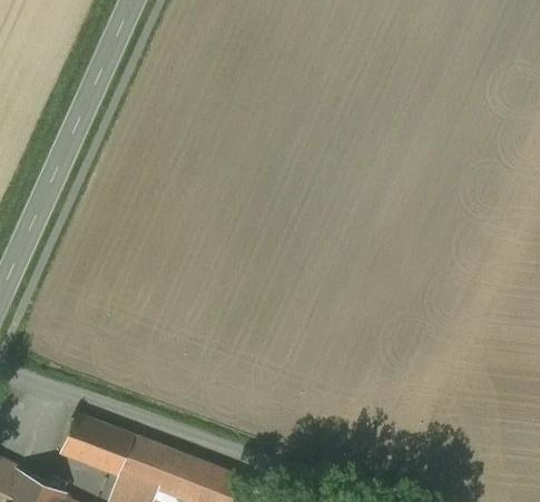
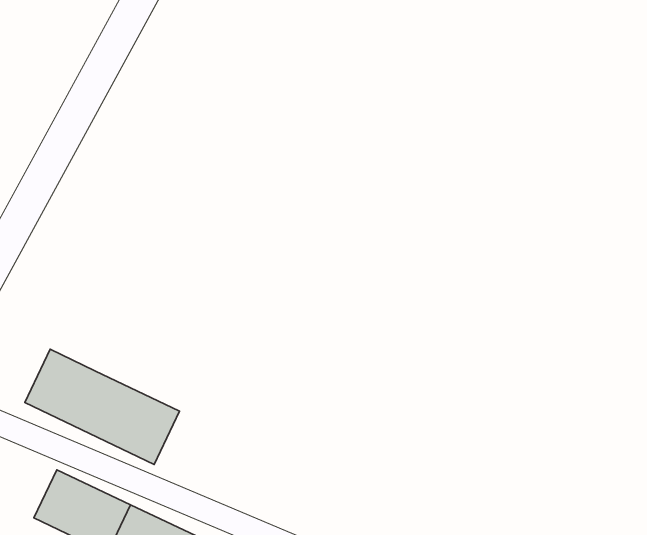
building: none -> [25,349,179,464]

